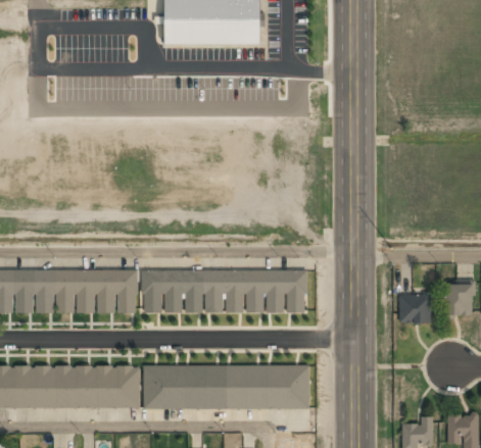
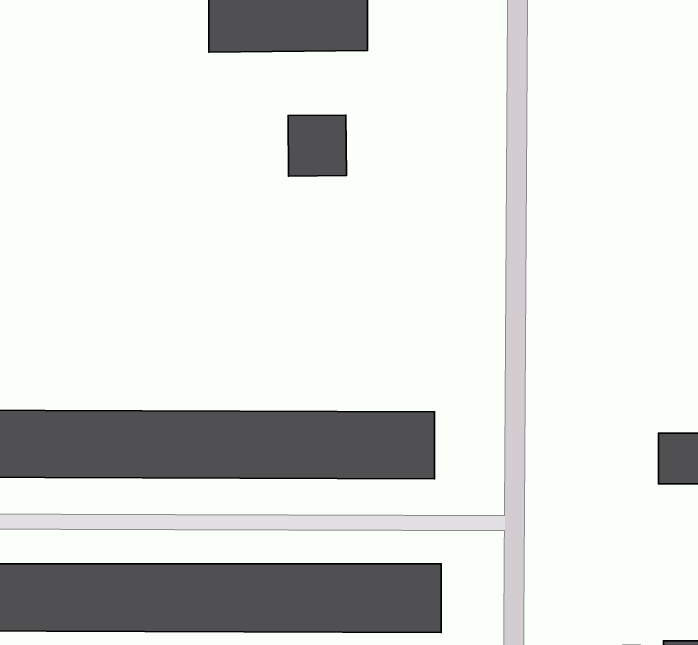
building: none -> [288,115,347,176]
building: [399,294,431,323] -> none

